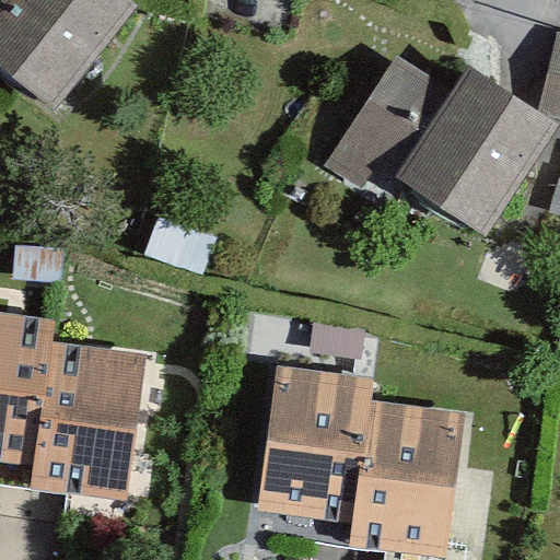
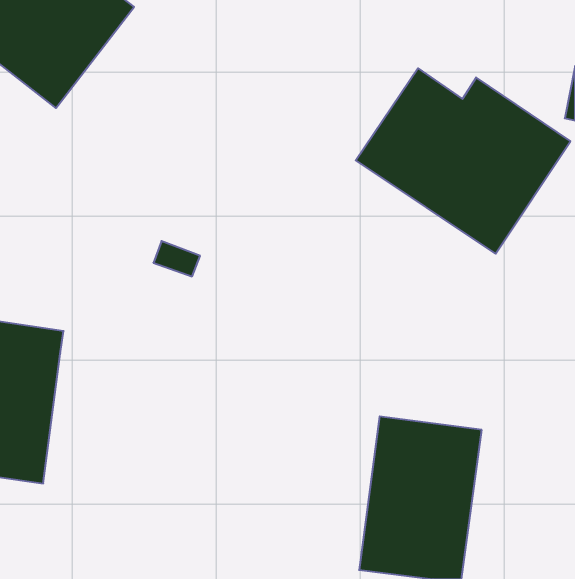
building: [38,340,156,502] -> none
building: [250,364,369,524] -> none

